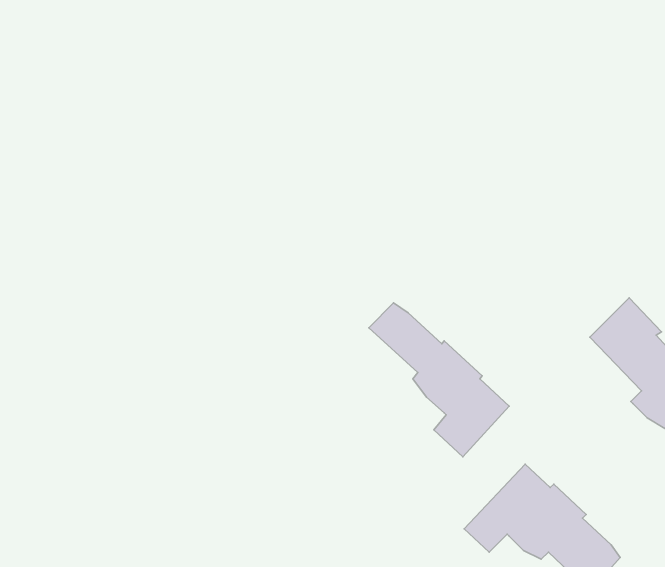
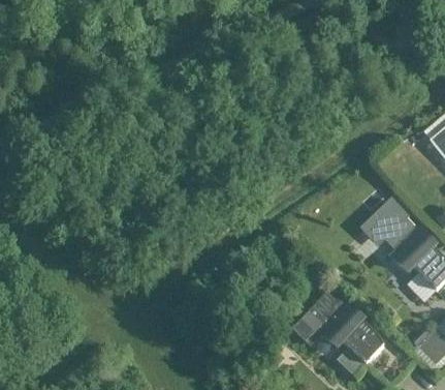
building: [369,303,509,457] -> none

